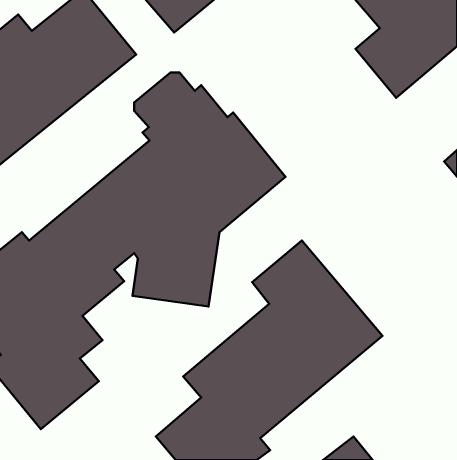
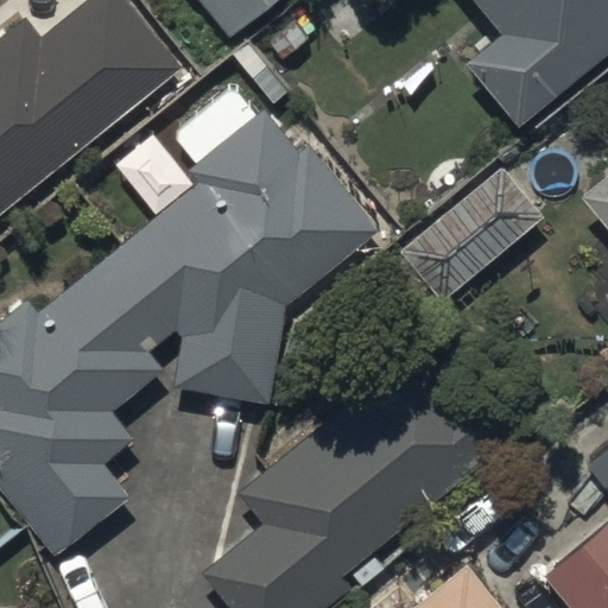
building: none -> [414,169,552,299]

